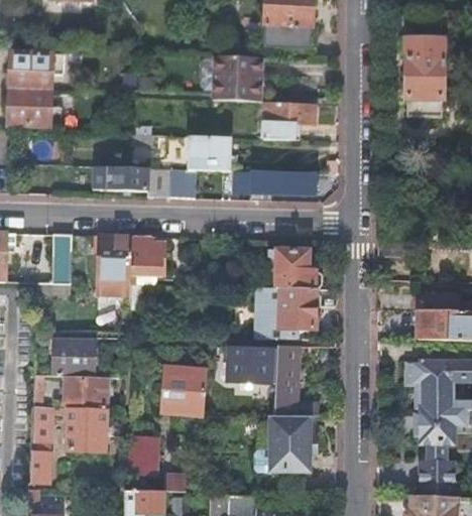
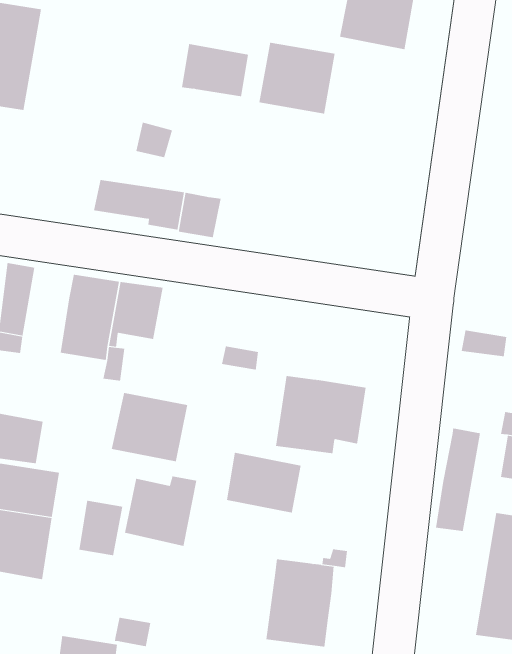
building: [264,101,317,142] -> none
building: [188,138,232,170] -> [181,44,249,97]
building: [251,171,316,200] -> none
building: [271,249,317,288] -> none
building: none -> [111,392,188,462]
building: [274,345,298,416] -> [435,428,481,532]
building: [131,437,158,474] -> [78,500,123,556]

